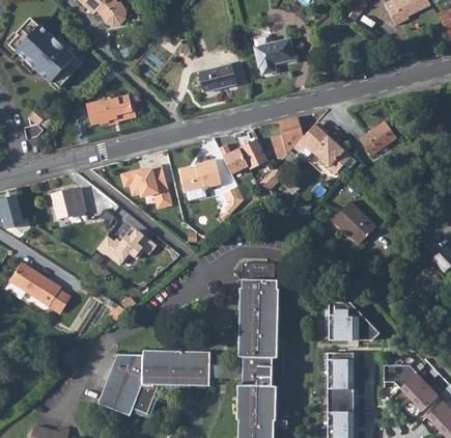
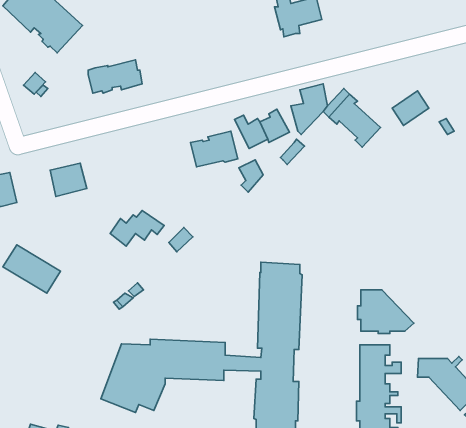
building: [199,65,236,94] -> none
building: [121,165,171,209] -> none
building: [331,202,374,245] -> none

